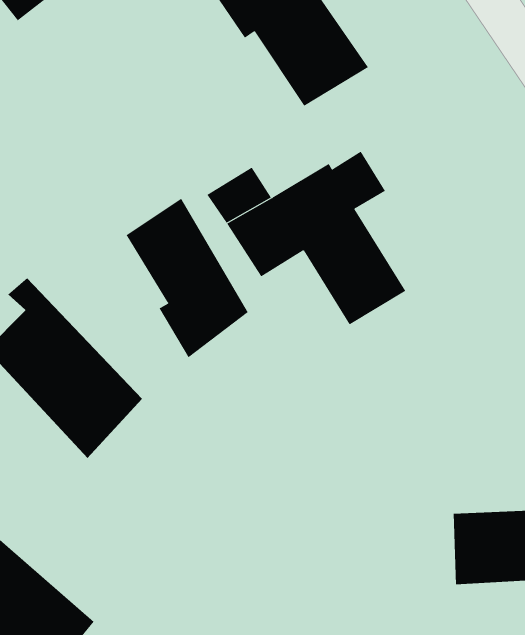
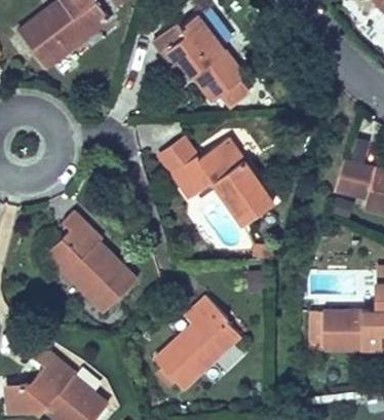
building: [126,198,249,358] -> none
building: none -> [156,293,244,386]

